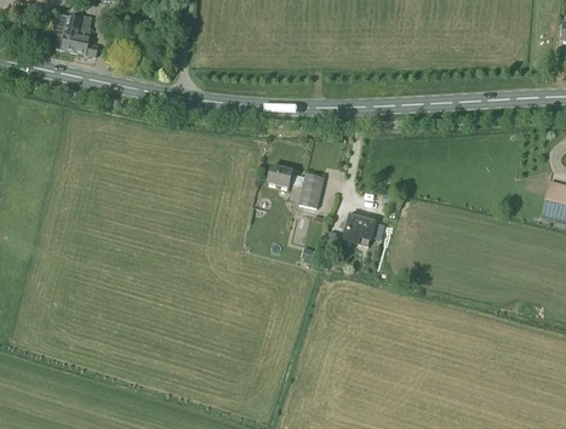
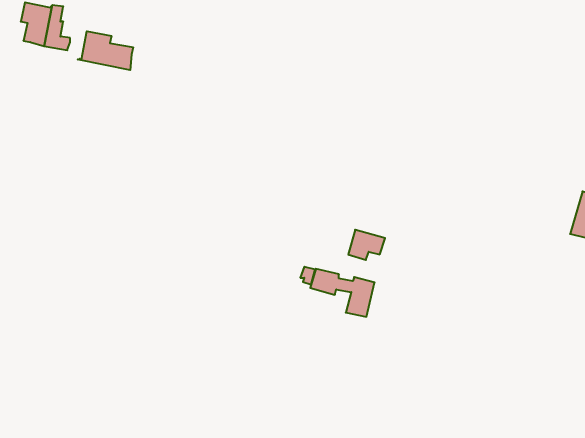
building: none -> [78,31,133,70]
building: [267,165,324,207] -> [310,269,375,317]

